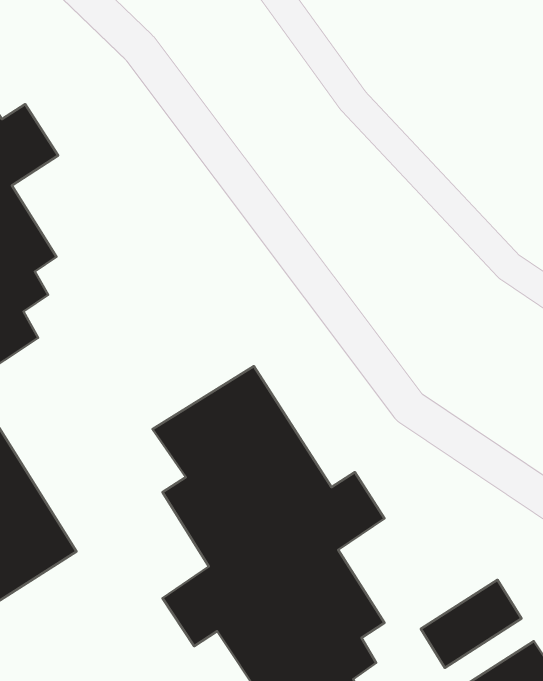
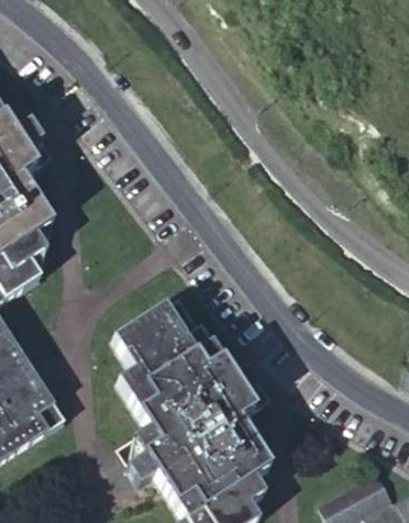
building: [421,580,522,668] -> none

